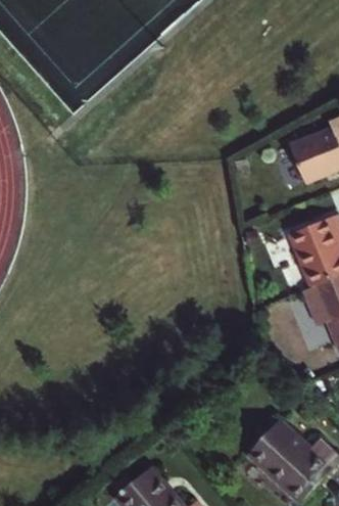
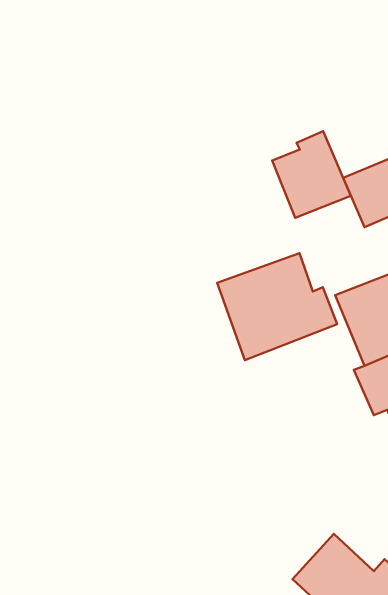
building: none -> [272,131,351,218]
building: none -> [217,253,337,360]

